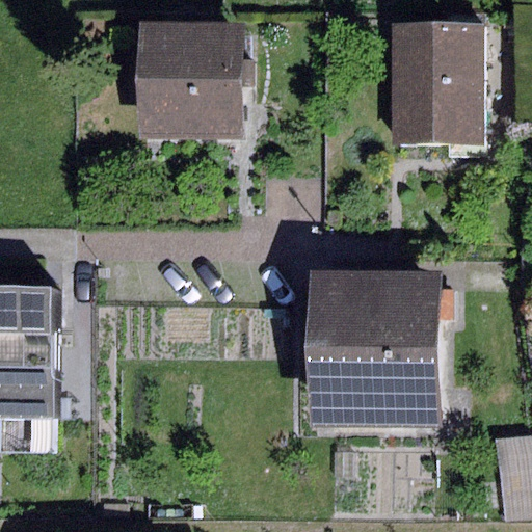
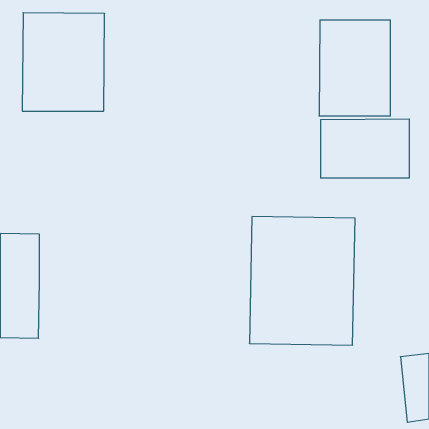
building: [139,19,241,140] -> [22,13,105,111]
building: none -> [321,119,409,178]

